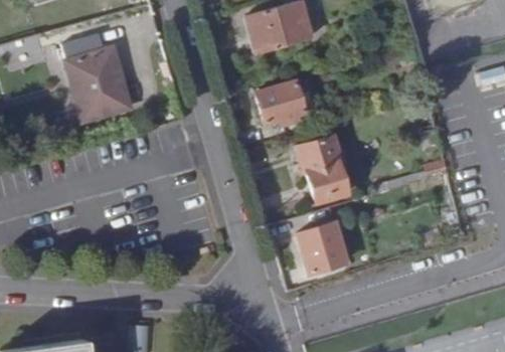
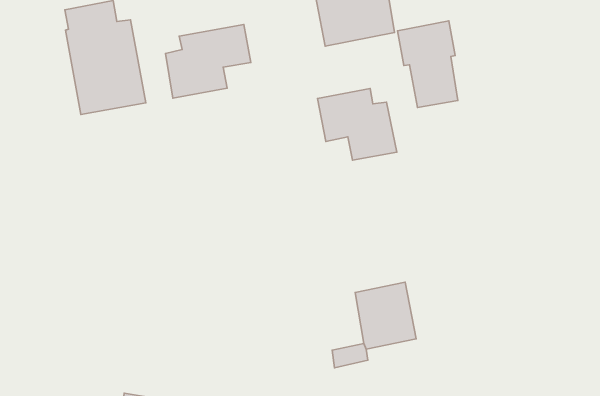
building: none -> [166,24,251,98]
building: [300,136,349,202] -> [398,21,458,108]

